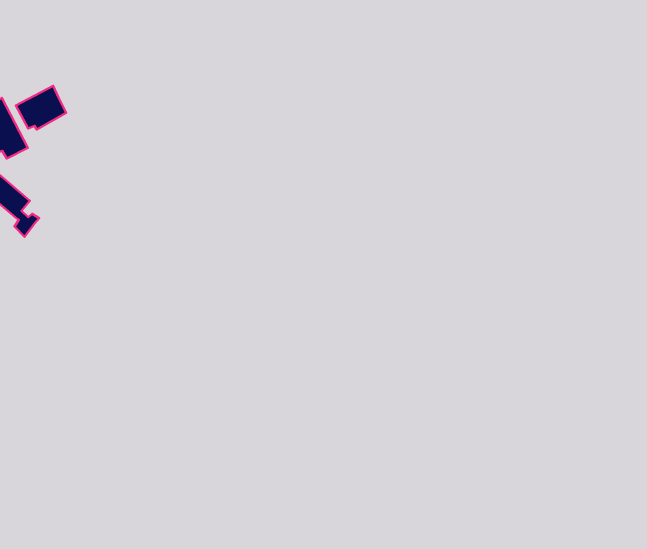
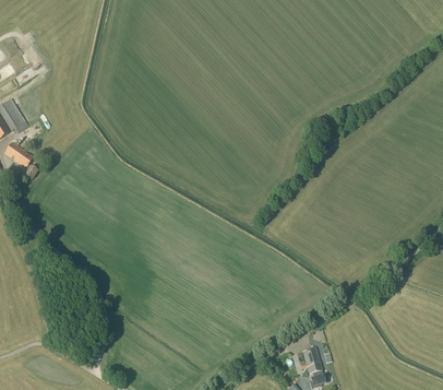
building: [16,86,66,130] -> none

